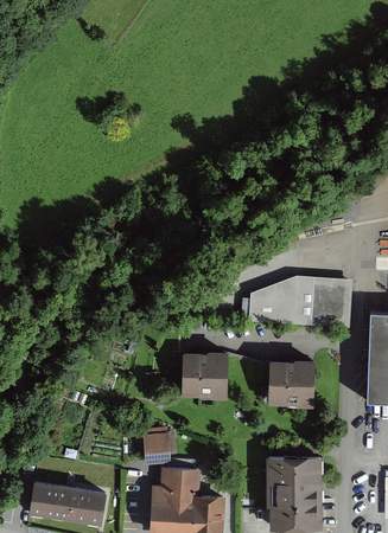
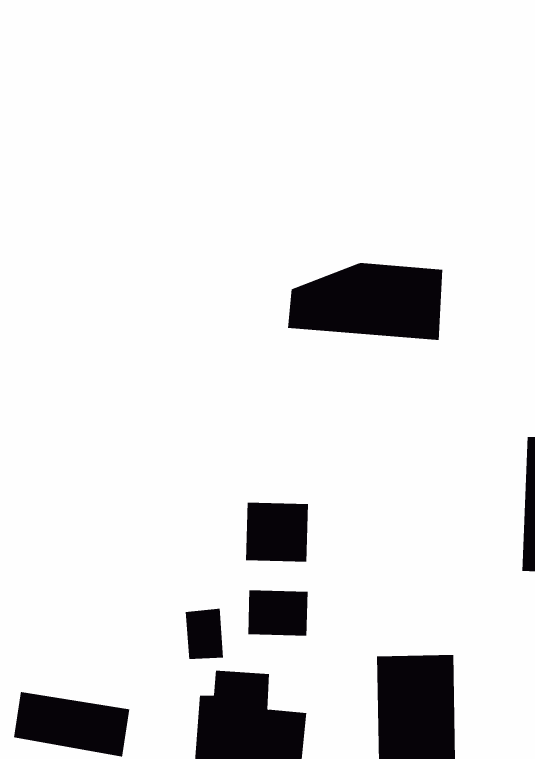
building: [247,276,351,328] -> [287,263,443,340]
building: [269,361,317,404] -> none
building: none -> [248,589,308,636]

